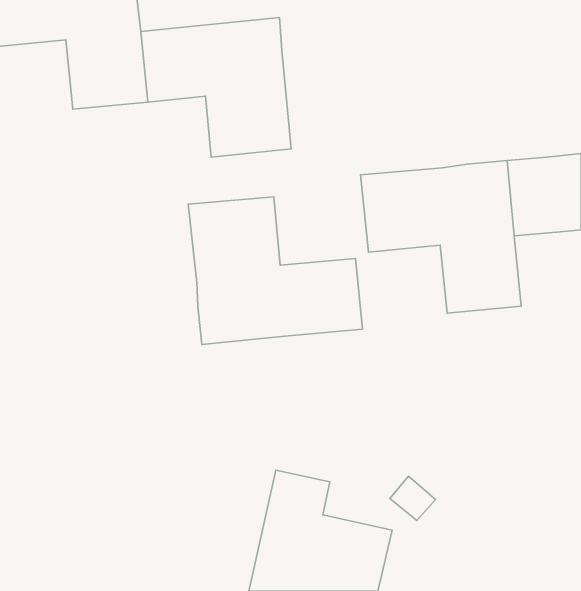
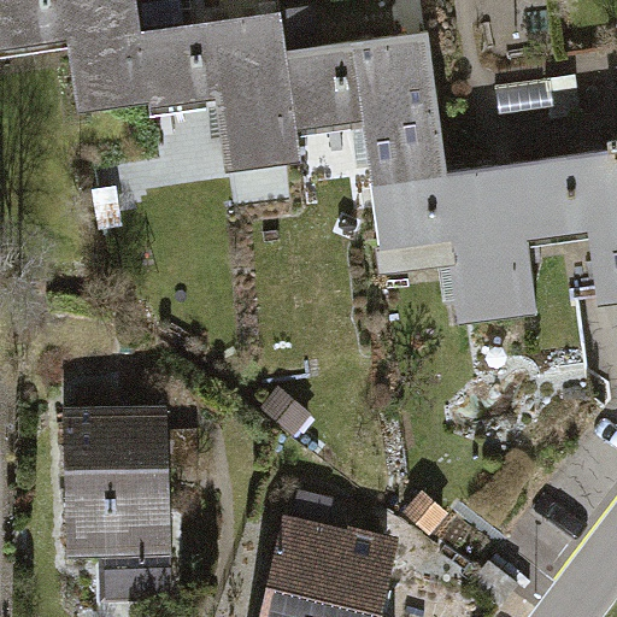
building: none -> [289,37,454,180]
building: [188,197,362,345] -> none
building: none -> [53,405,175,603]

